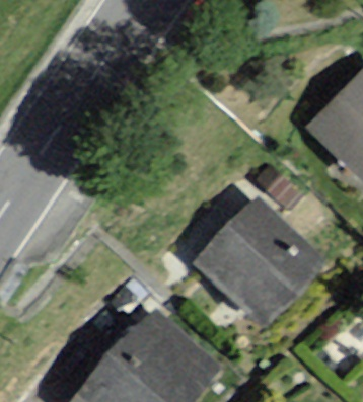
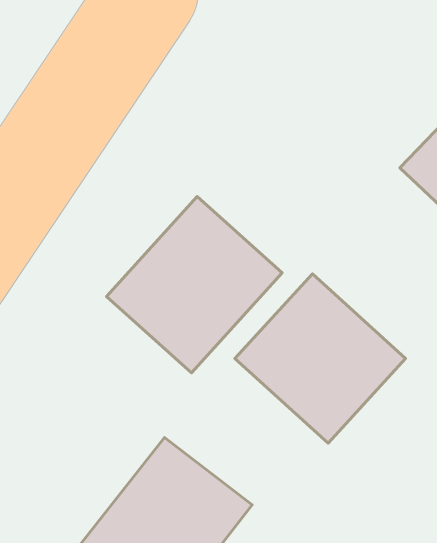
building: none -> [106,196,282,373]

